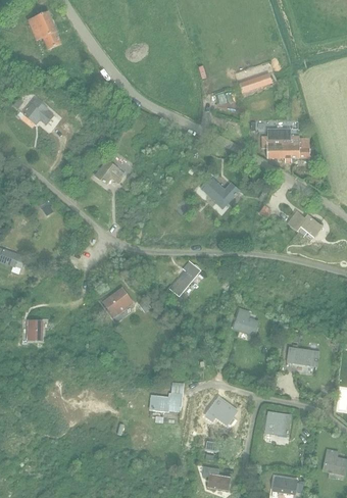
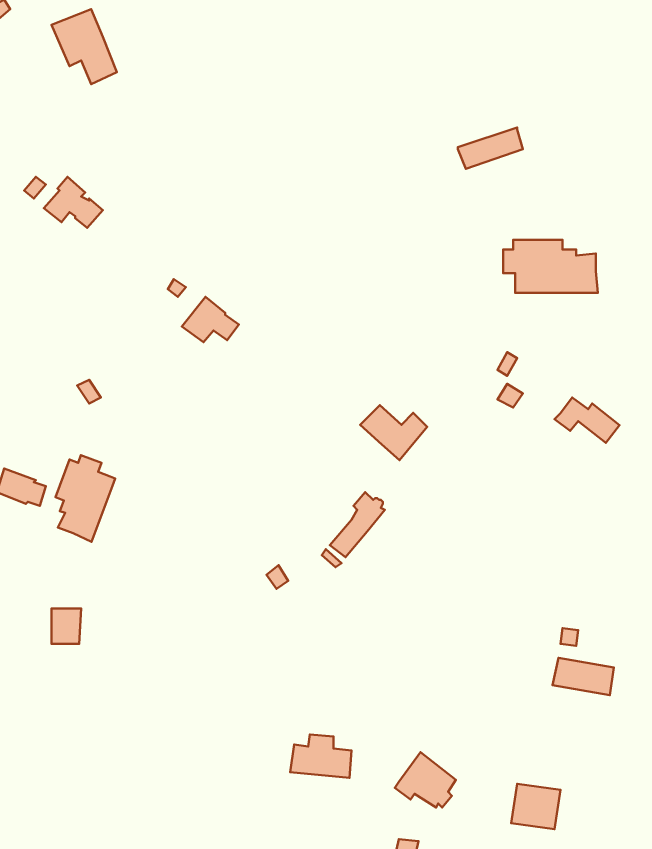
building: [203,180,238,208] -> [360,405,427,460]
building: none -> [55,455,115,542]
building: [106,288,134,314] -> none
building: [234,309,258,336] -> none

